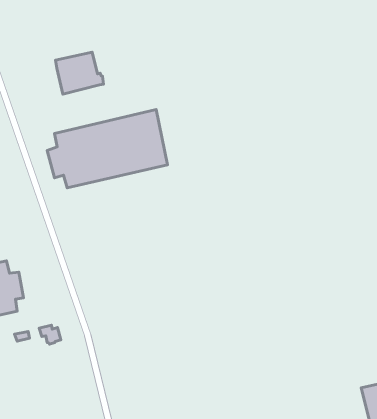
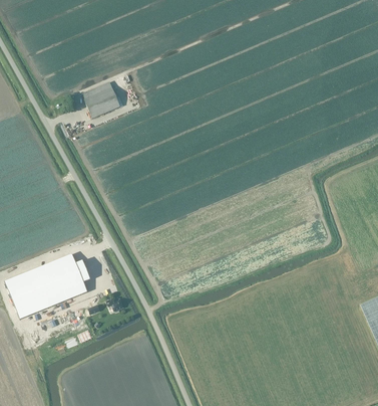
building: [47,109,168,188] -> none

